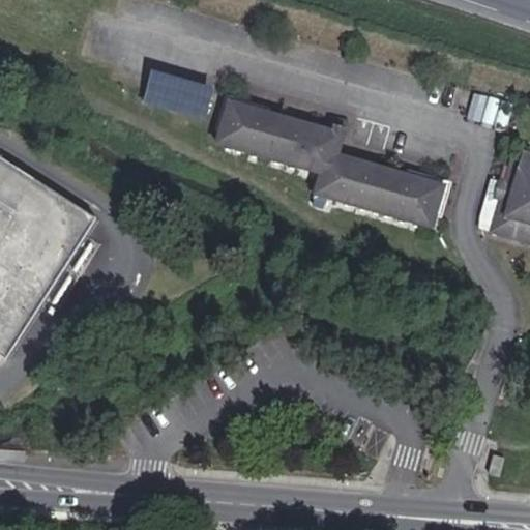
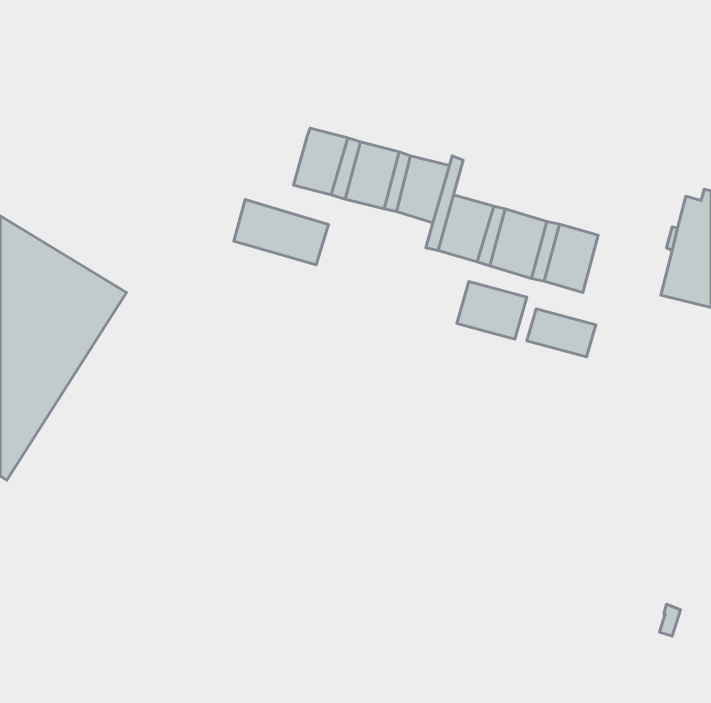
building: [142,78,212,126] -> [234,199,329,265]
building: none -> [457,281,527,339]
building: none -> [527,309,596,357]

